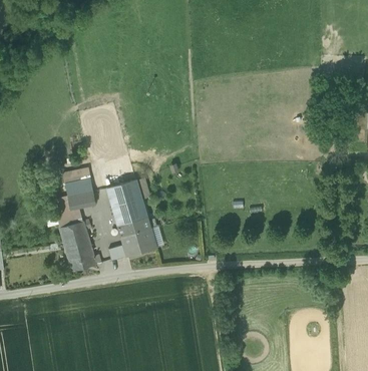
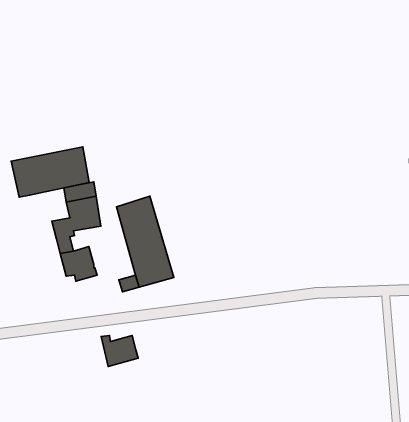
building: none -> [11,147,89,197]
building: [65,246,96,272] -> [101,335,138,366]

